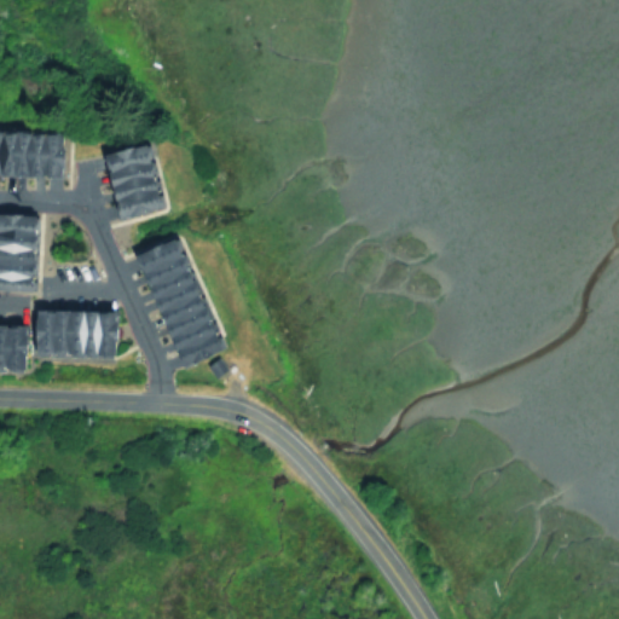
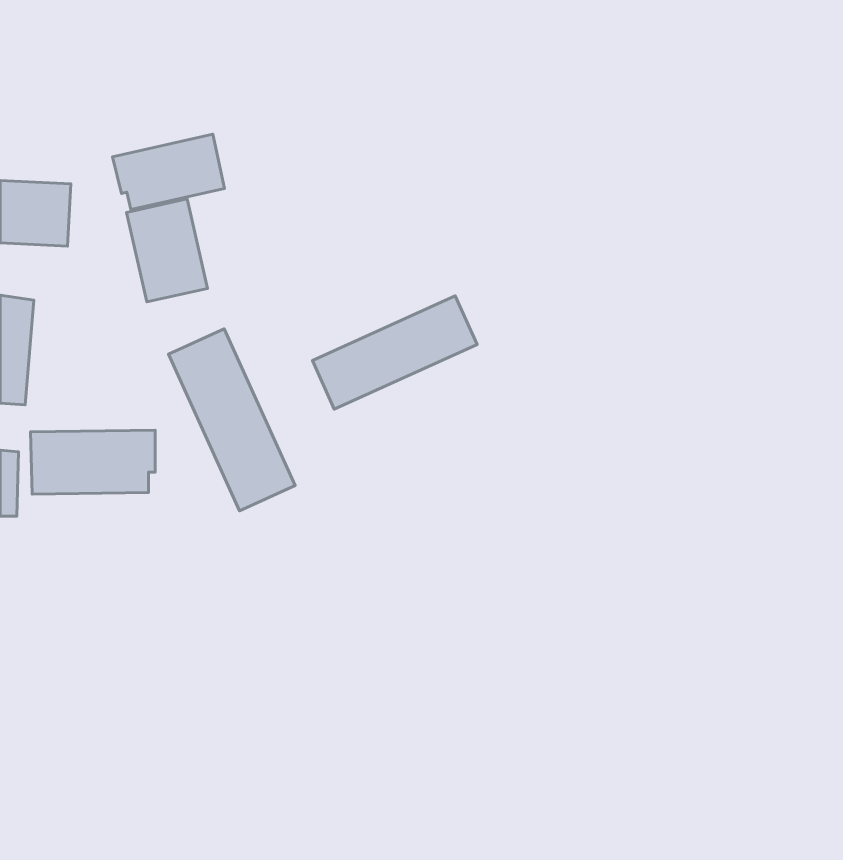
building: none -> [113,134,224,210]
building: none -> [312,296,477,409]

